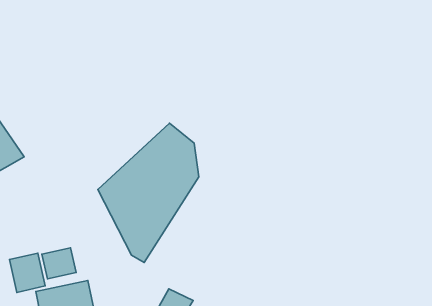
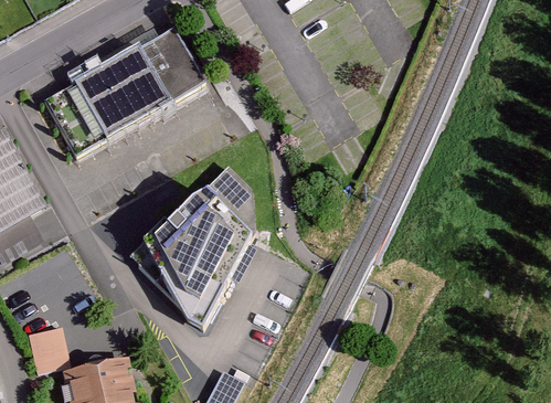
building: none -> [44,26,204,157]
building: [42,248,76,279] -> none

